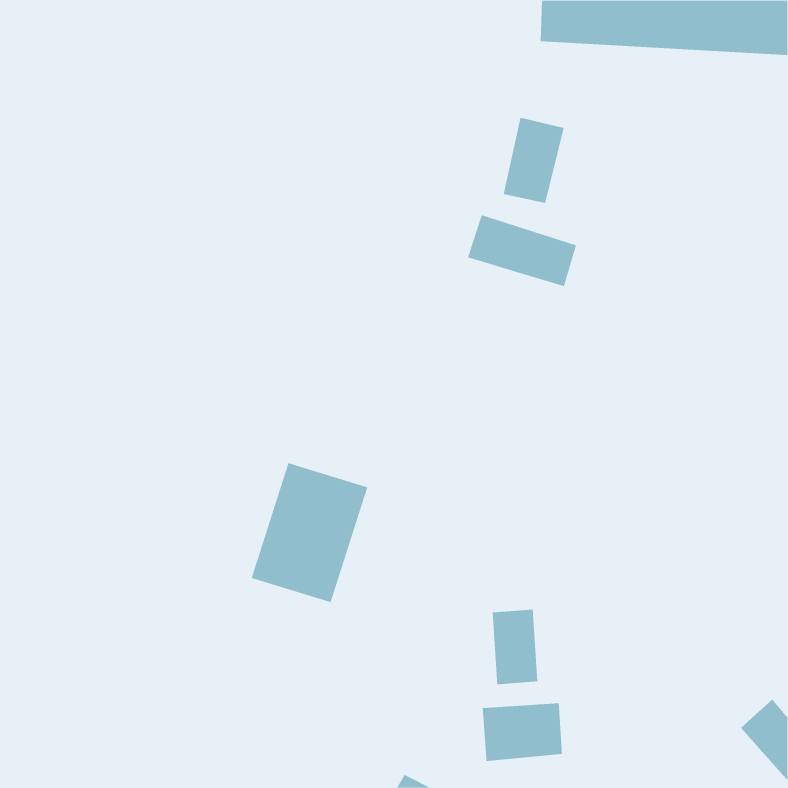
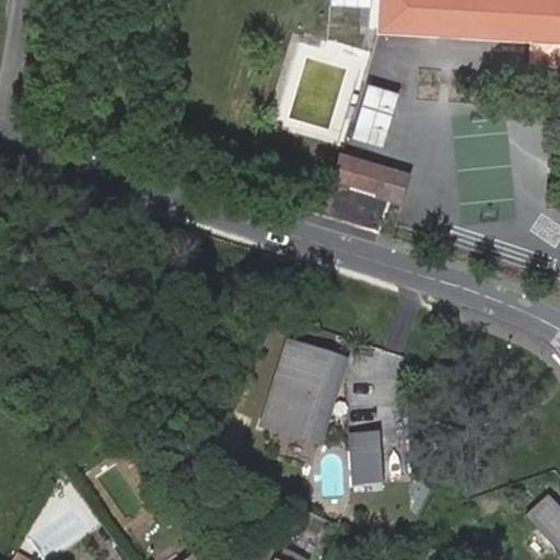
building: [251,462,368,603] -> [261,343,345,443]
building: [482,702,562,762] -> none

